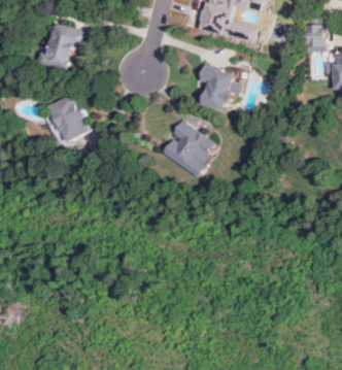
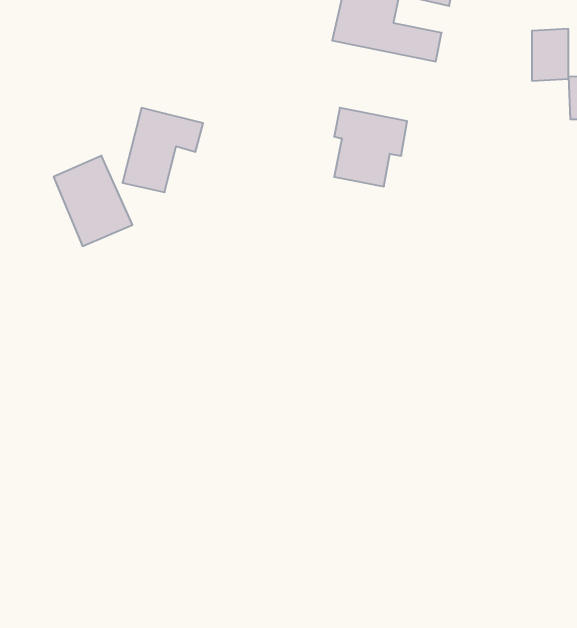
building: [43,23,87,68] -> [122,108,203,192]
building: [160,123,215,173] -> none

